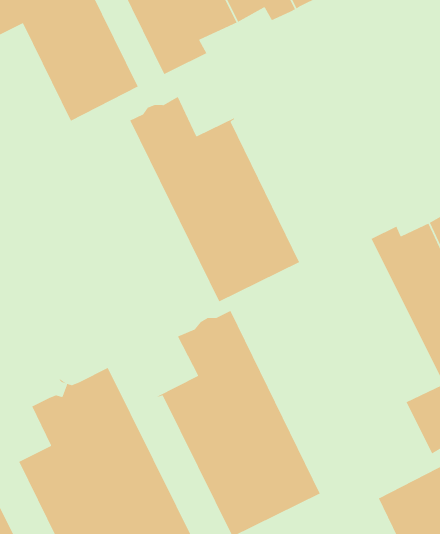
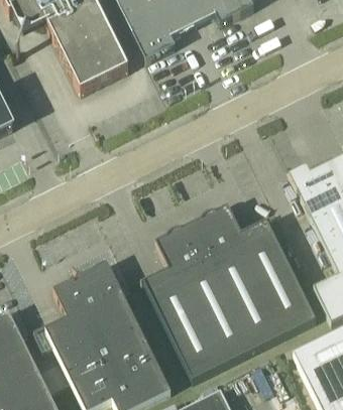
building: [129,96,300,303] -> none
building: none -> [192,202,316,348]

